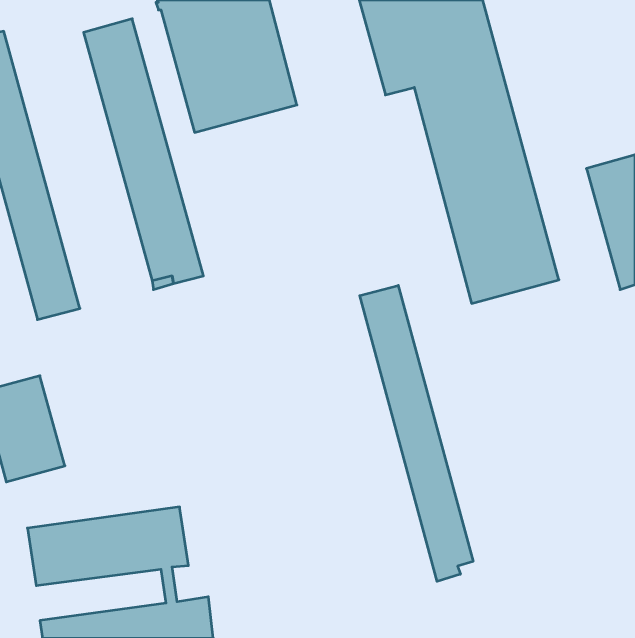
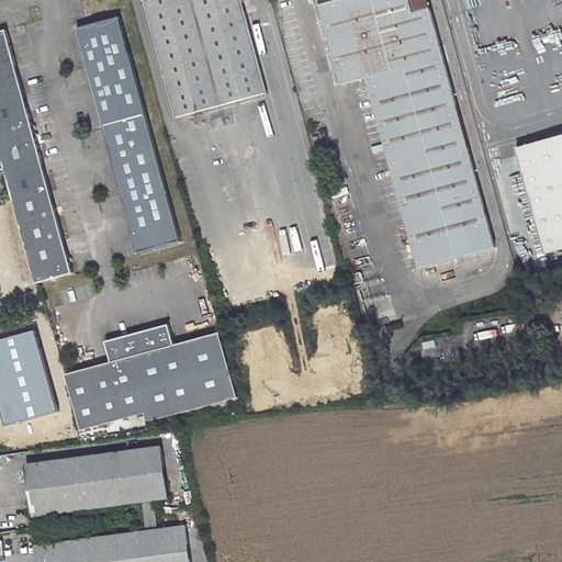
building: [360,285,473,581] -> none
building: none -> [64,326,235,431]

